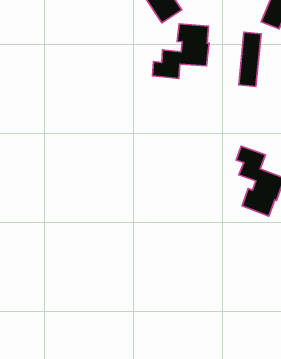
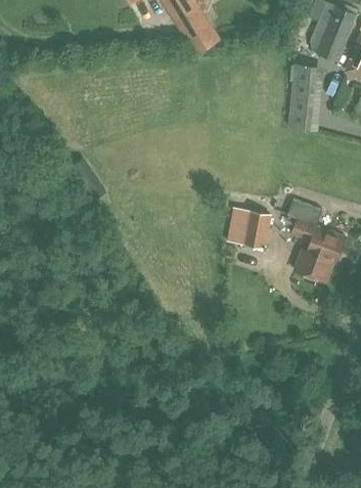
building: [152,24,209,78] -> none
building: none -> [226,209,268,248]

